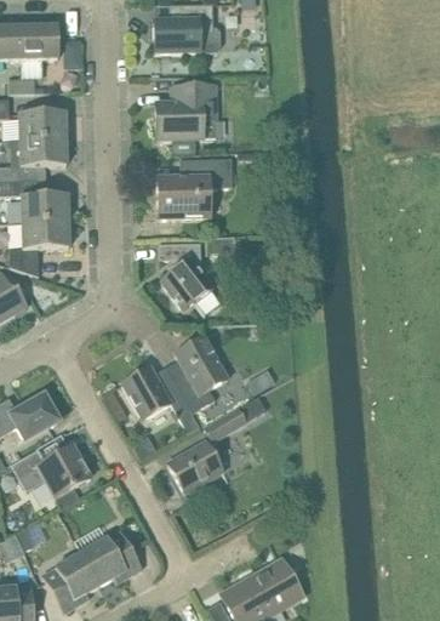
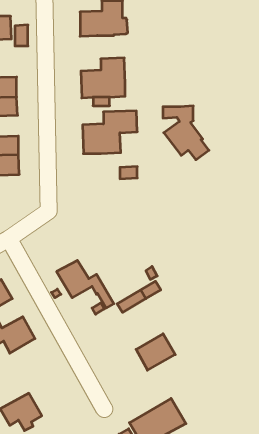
building: [159,241,223,317] -> [163,106,209,160]
building: [175,336,228,412] -> none
building: [168,440,223,491] -> [136,334,175,370]
building: [82,530,133,583] -> none

